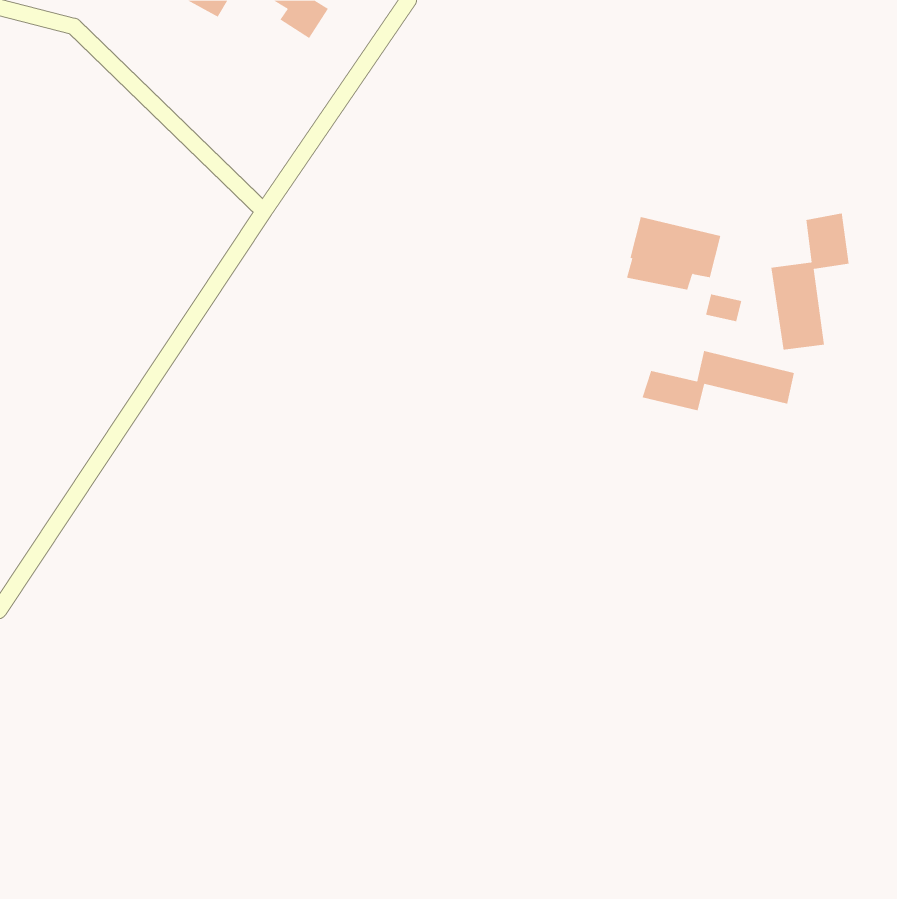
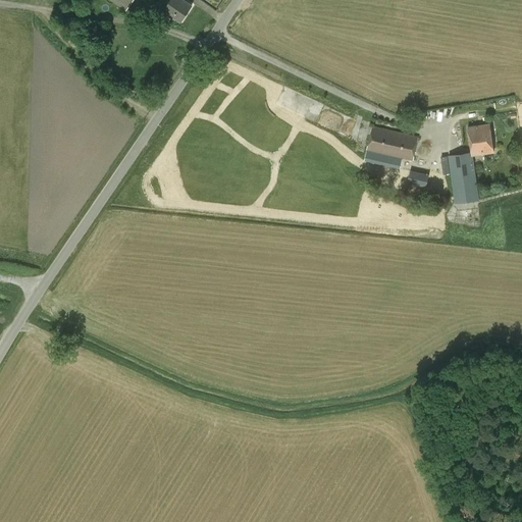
building: [642,350,794,411] -> none

